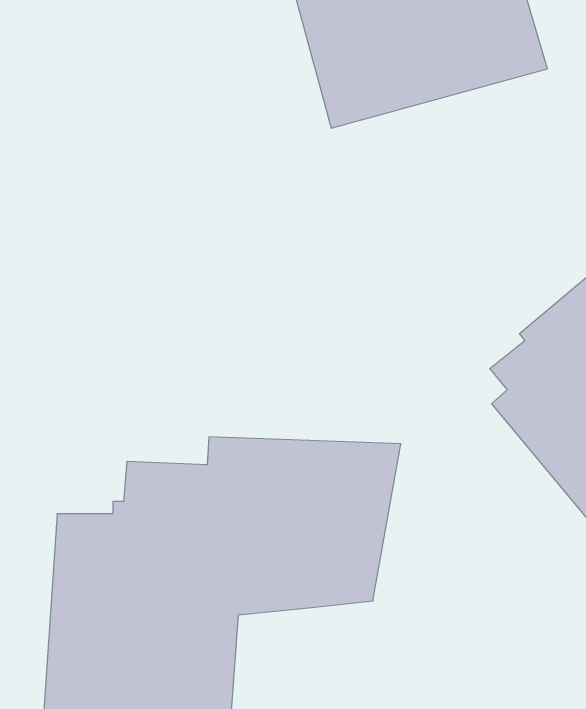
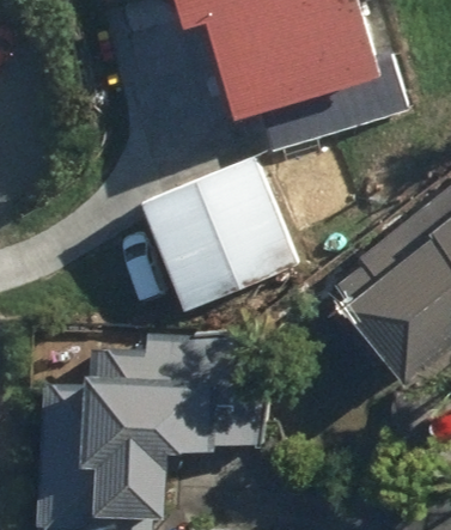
building: none -> [139,158,300,316]

